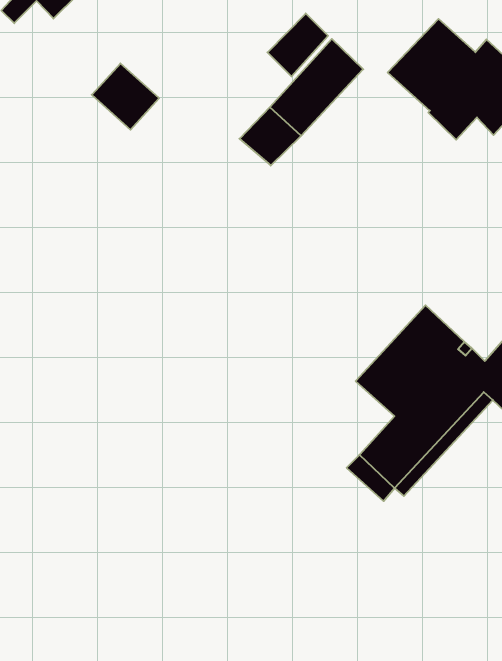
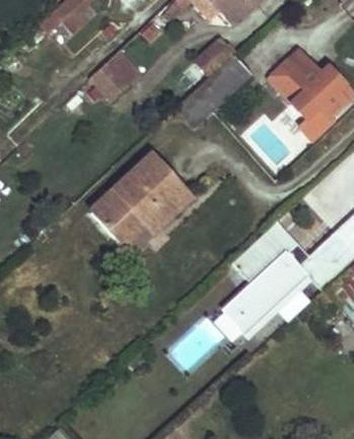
building: none -> [91,154,193,257]

